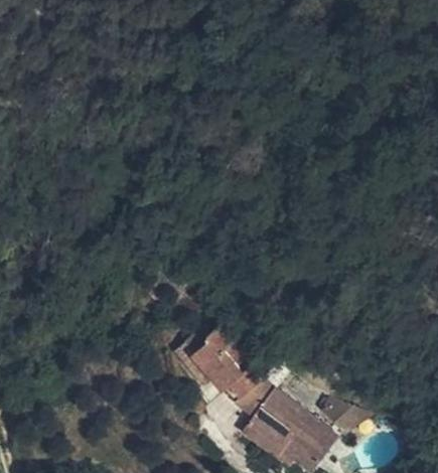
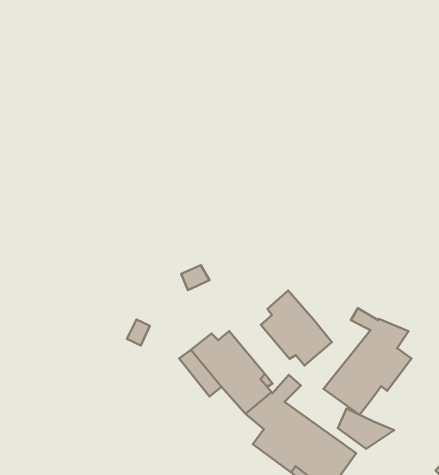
building: none -> [261,291,332,365]
building: none -> [324,308,412,415]

